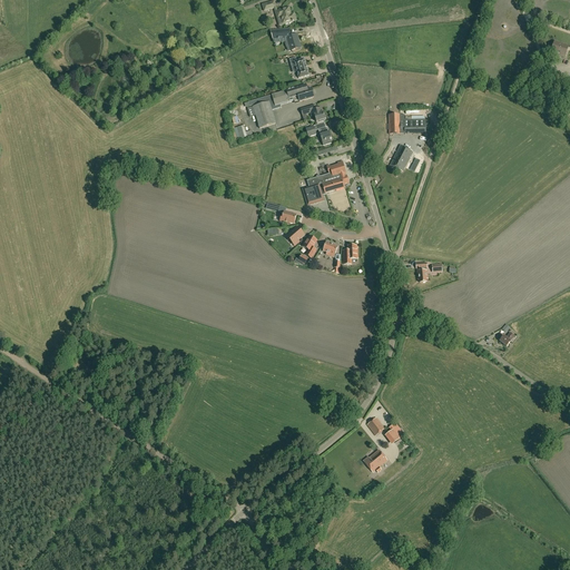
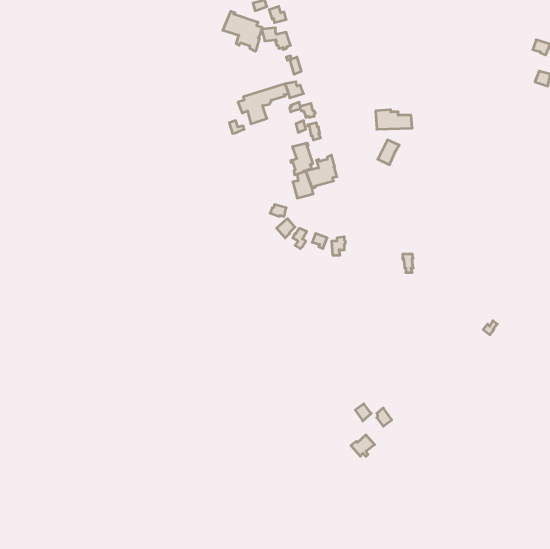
building: none -> [223,11,262,51]
building: none -> [291,143,313,175]

